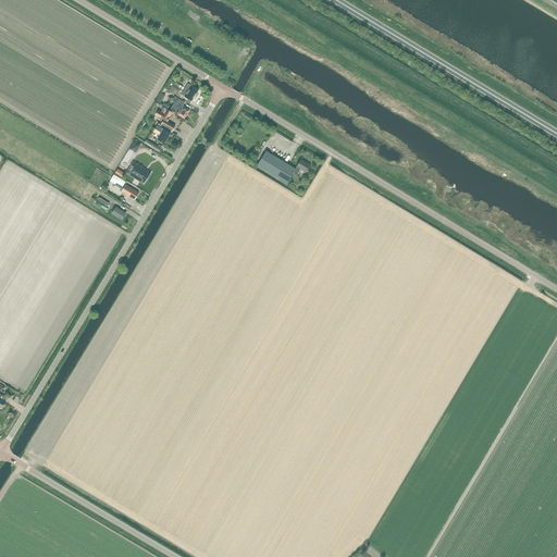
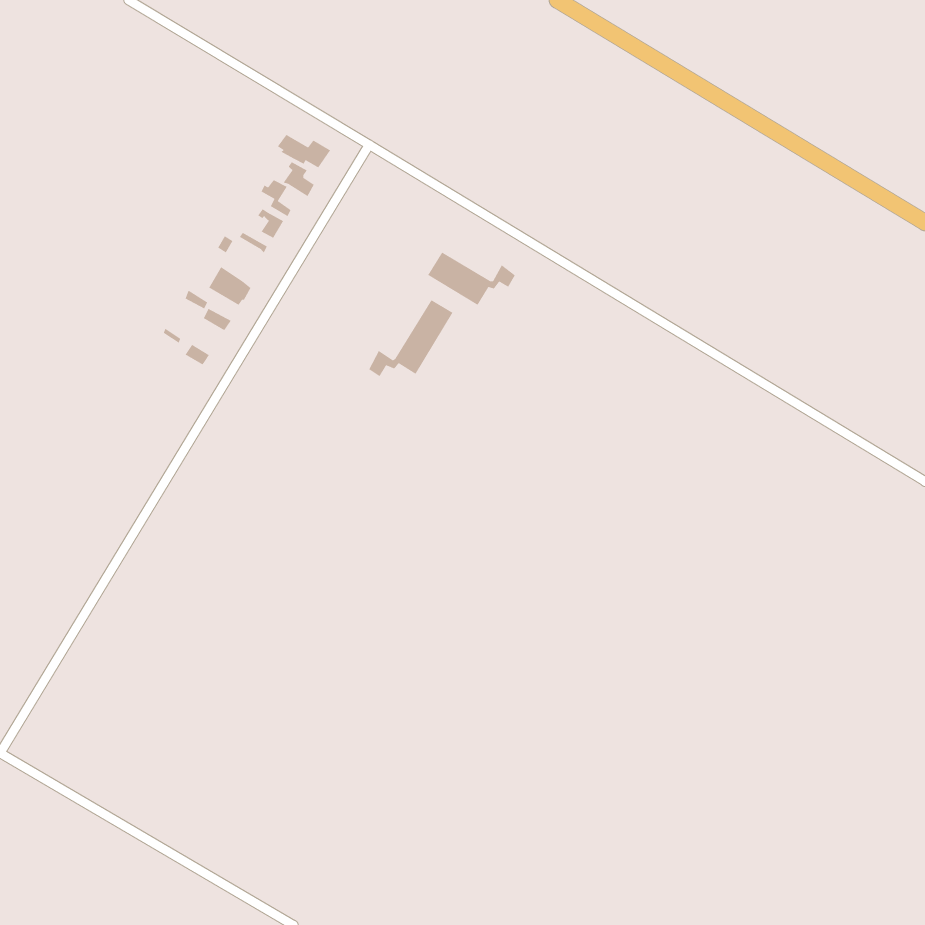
building: none -> [368,299,454,377]

